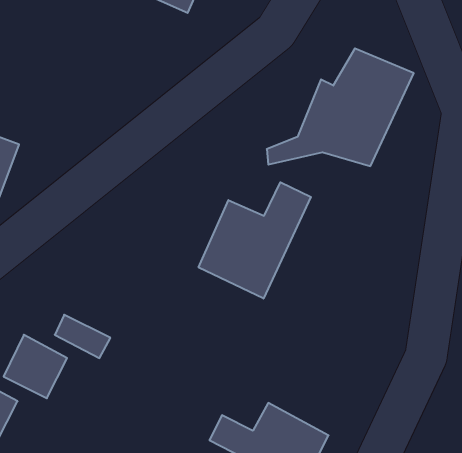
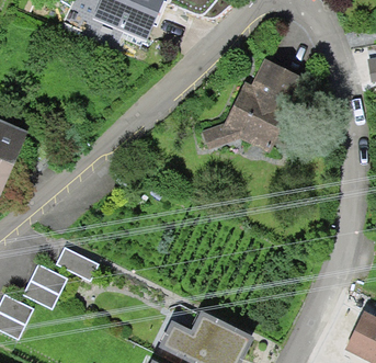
building: [199,182,311,299] -> none

